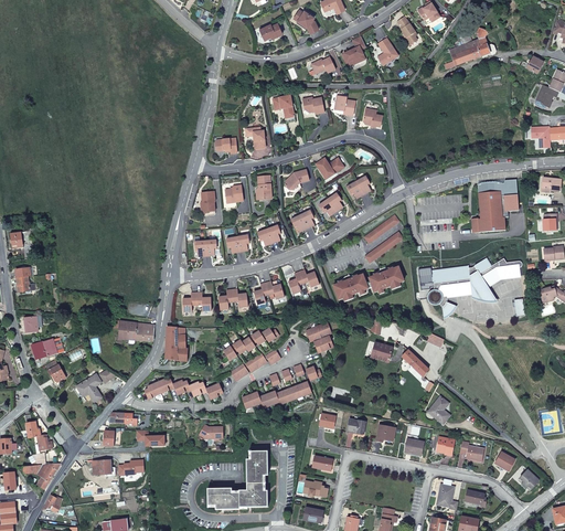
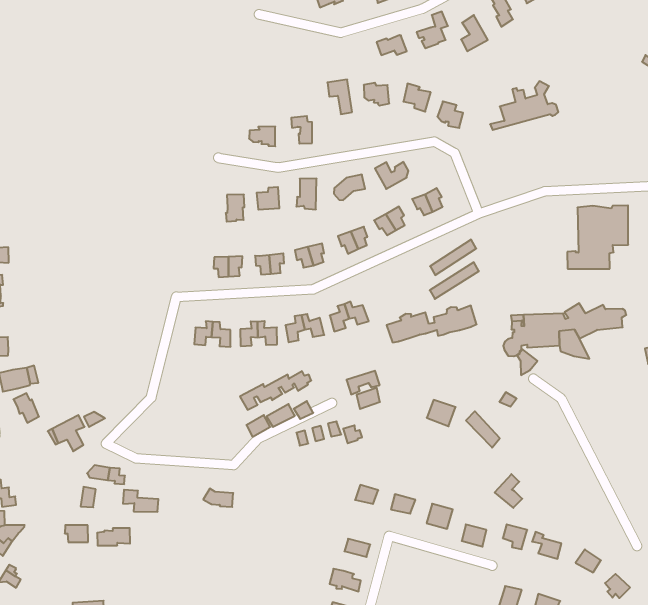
building: [443,28,495,68] -> [490,81,558,130]
building: [118,320,152,343] -> none
building: [164,327,186,361] -> none
building: [142,378,221,400] -> none
building: [241,381,310,408] -> none
building: [206,445,267,508] -> none

